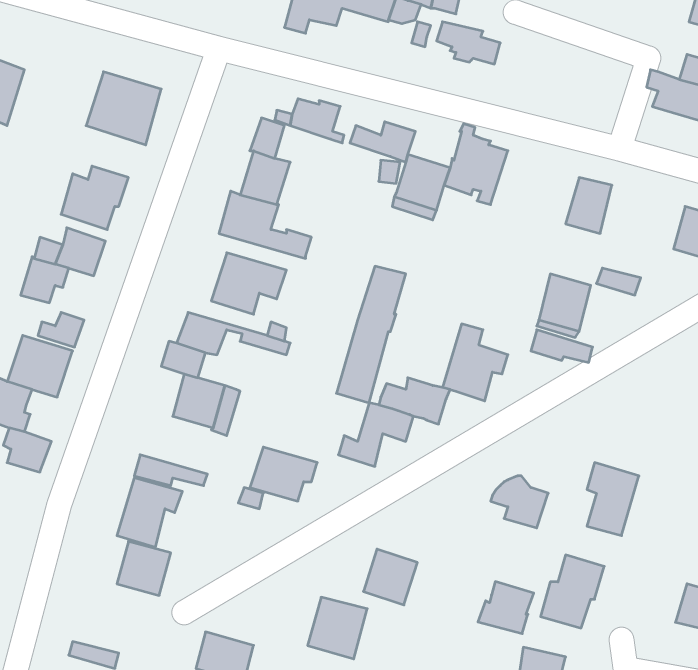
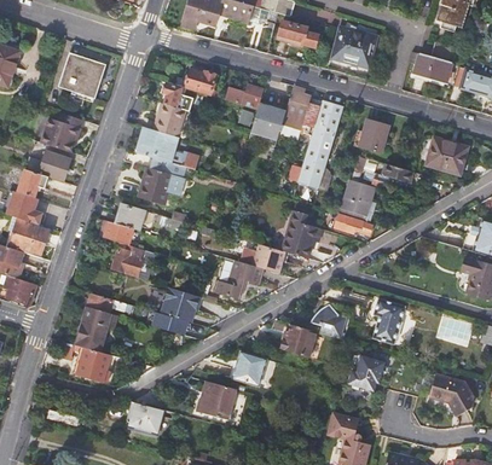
building: none -> [332,25,375,66]
building: [336,266,406,403] -> [299,101,342,187]
building: [478,582,534,634] -> [280,324,316,356]

